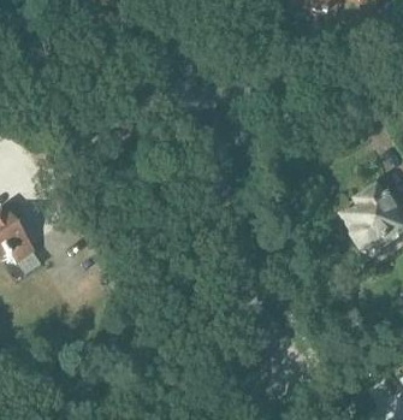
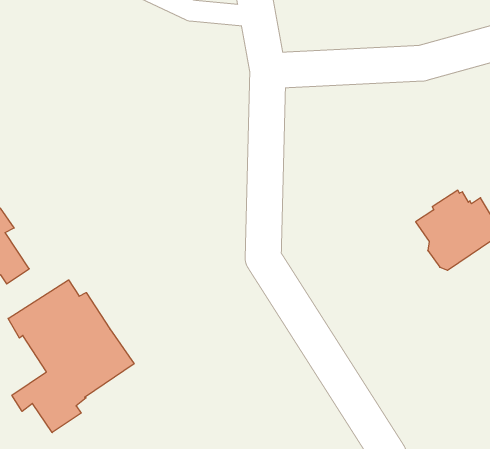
building: none -> [8,280,134,433]

